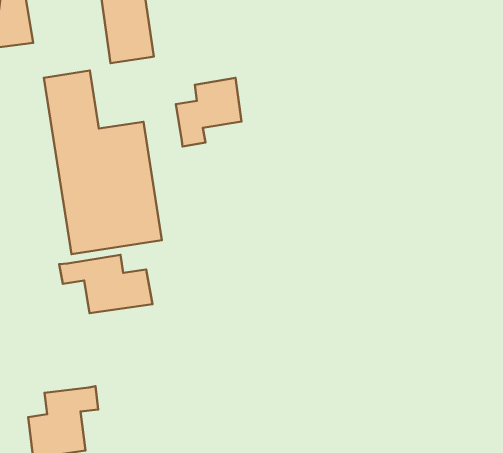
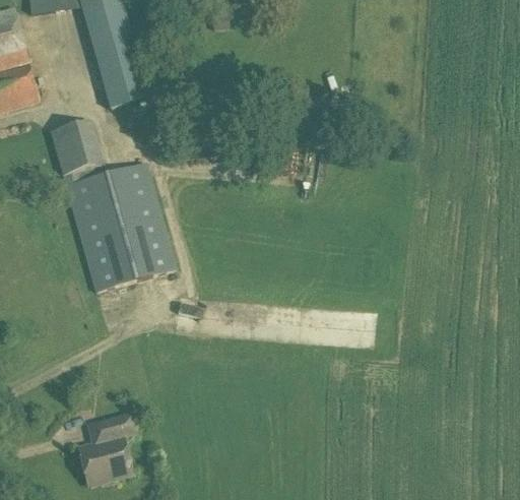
building: [176,78,242,146] -> none
building: [59,255,152,313] -> none

